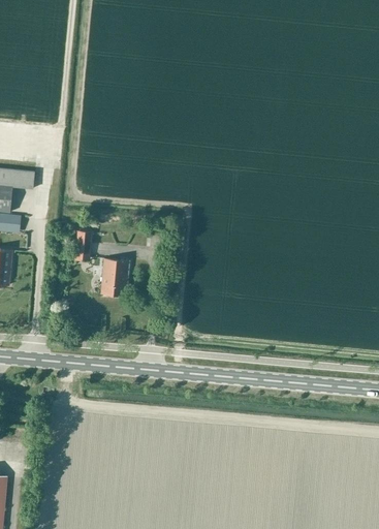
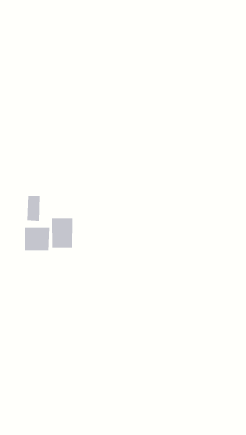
building: none -> [25,227,50,251]

